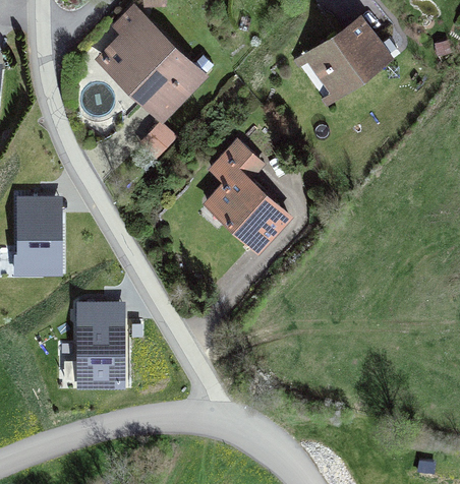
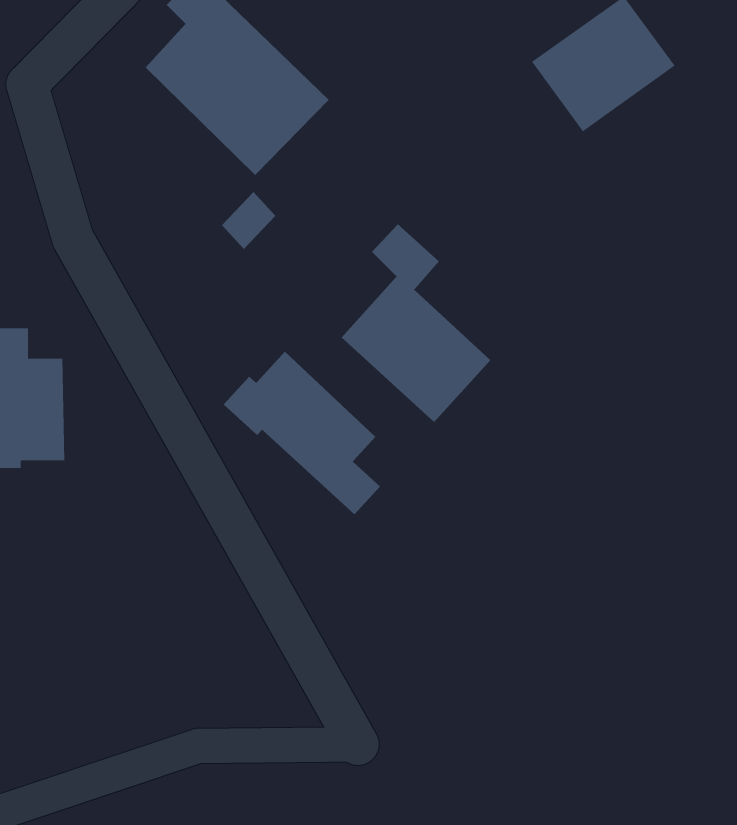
building: none -> [223,351,381,515]
building: [78,304,122,383] -> none

